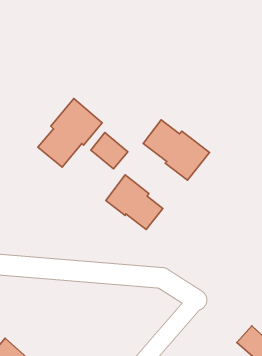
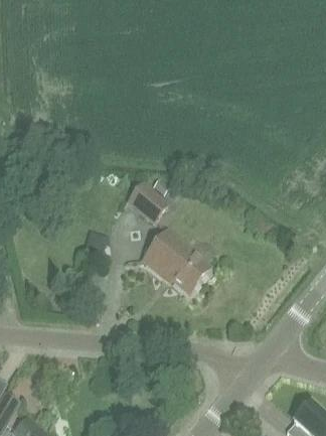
building: [38,98,102,167] -> none
building: [143,120,209,180] -> none

